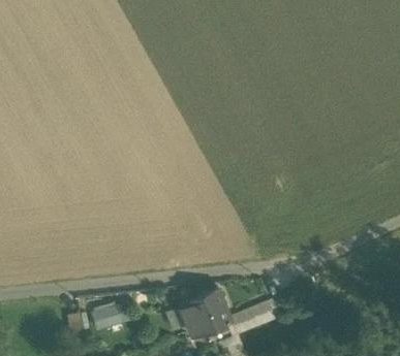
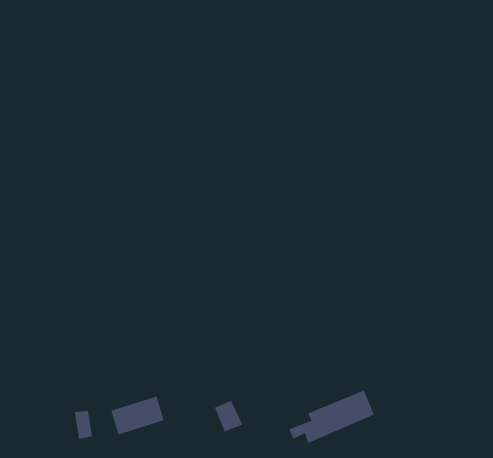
building: [189,284,229,327] -> none

